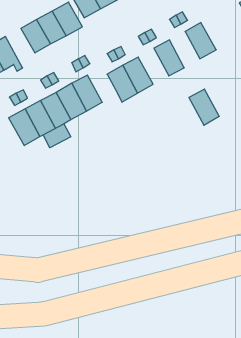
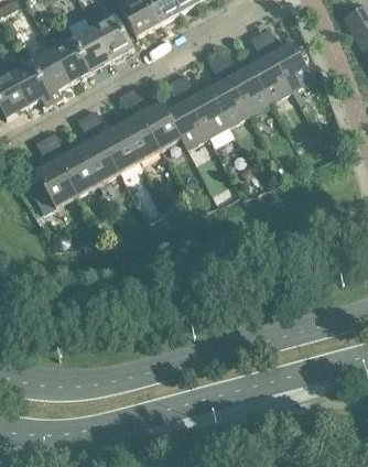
building: none -> [30,50,69,102]
building: none -> [208,76,249,124]
building: none -> [140,100,181,149]
building: [189,89,219,125] -> [250,54,291,102]
building: [43,124,71,148] -> none

